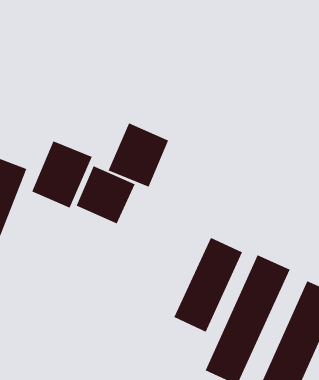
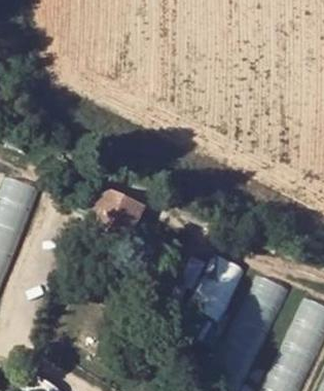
building: [108,123,169,187] -> none
building: [32,141,92,209] -> none

